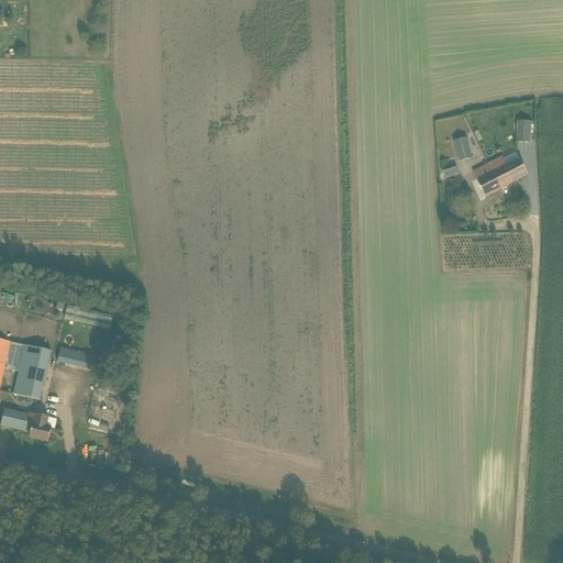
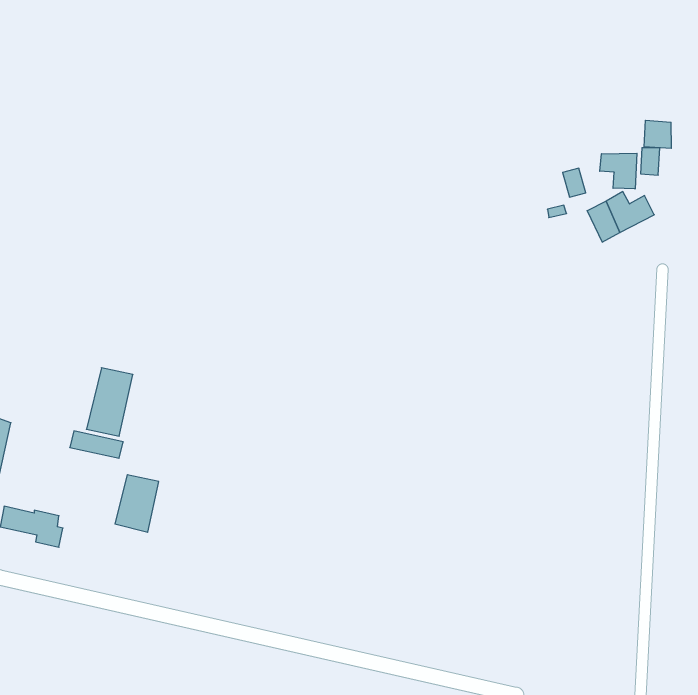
building: none -> [644,120,671,148]
building: none -> [600,153,637,189]
building: [12,343,49,398] -> [86,368,133,436]

